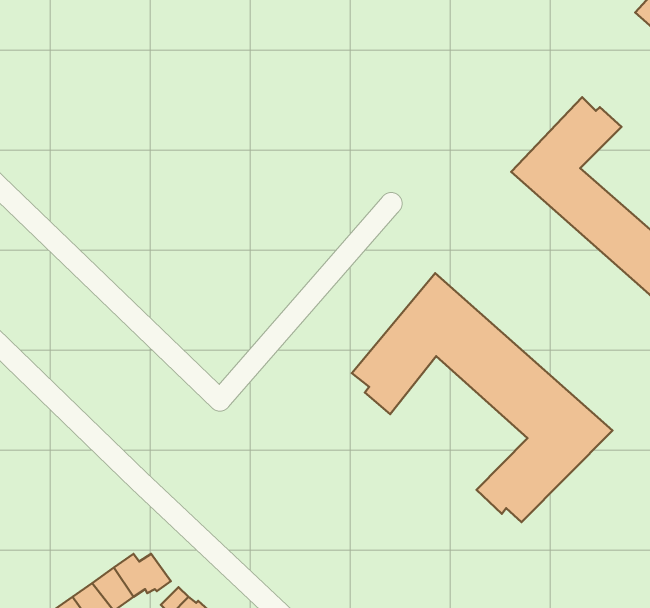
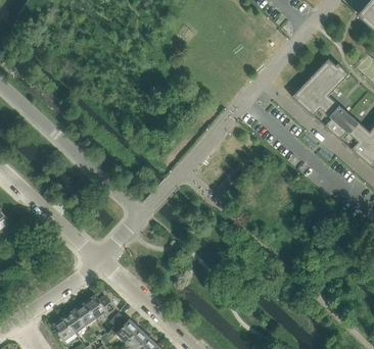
building: [352,273,613,522] -> none

